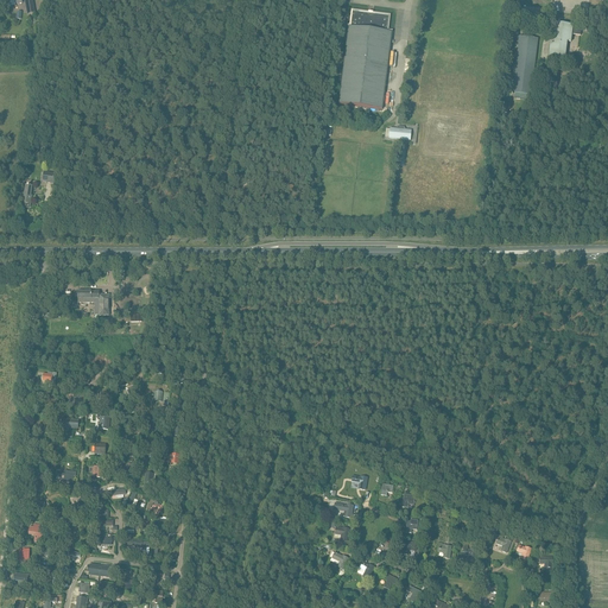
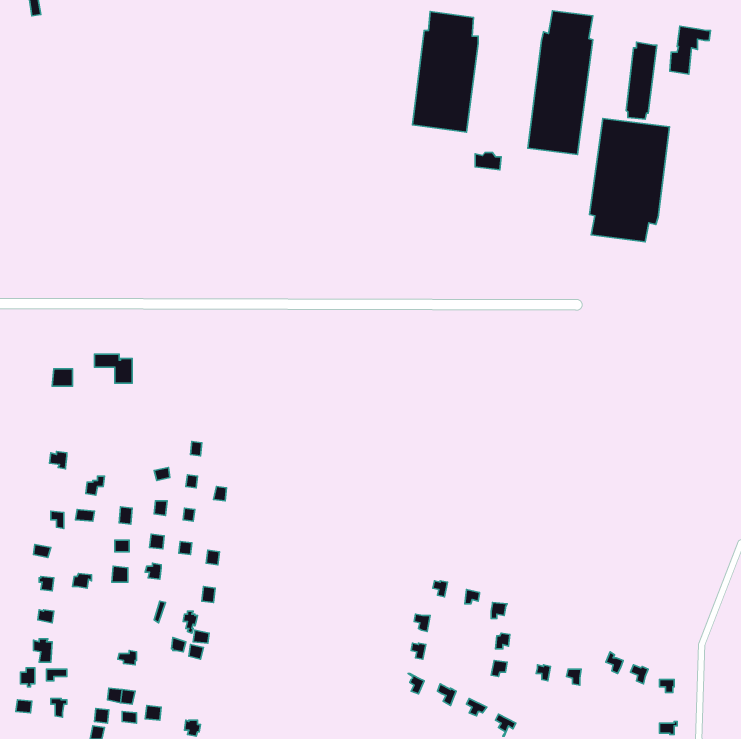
building: none -> [528,11,593,154]
building: none -> [589,119,670,242]

